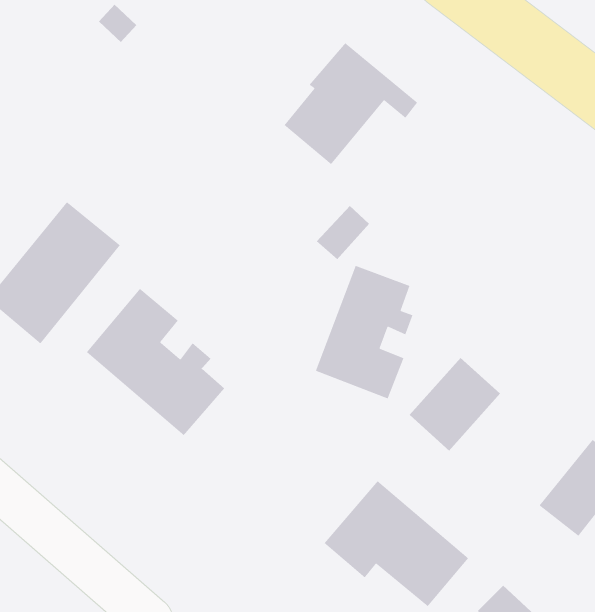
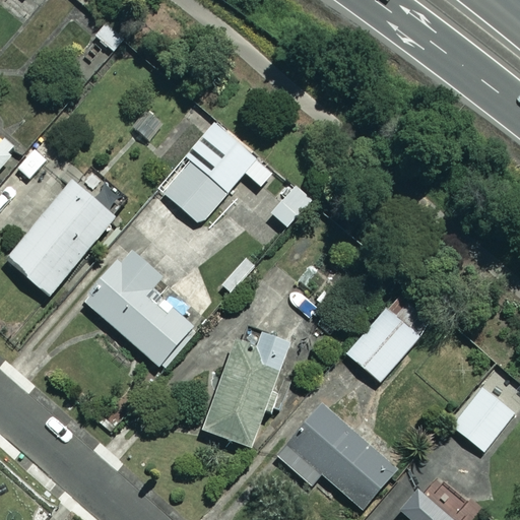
building: [283,42,418,165] -> [162,124,271,223]
building: [315,265,413,399] -> none
building: none -> [201,331,289,447]

